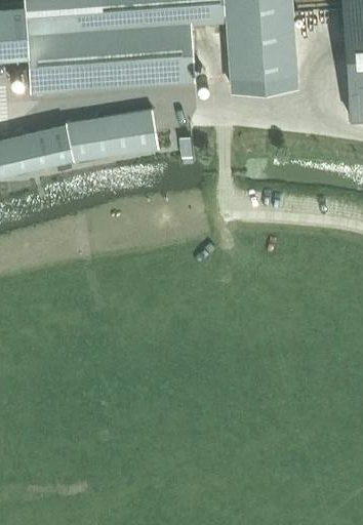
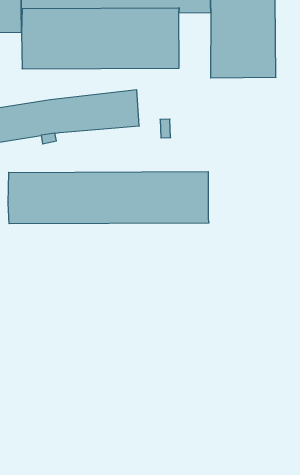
building: none -> [8,172,209,224]

